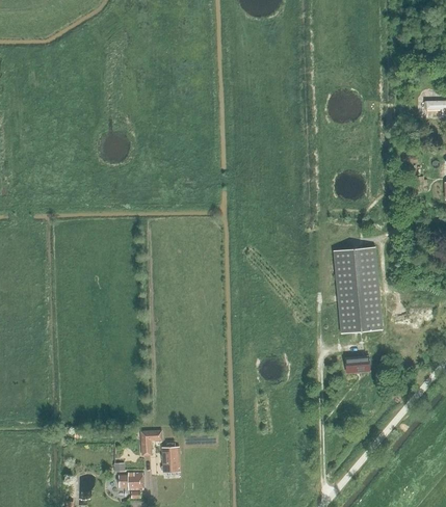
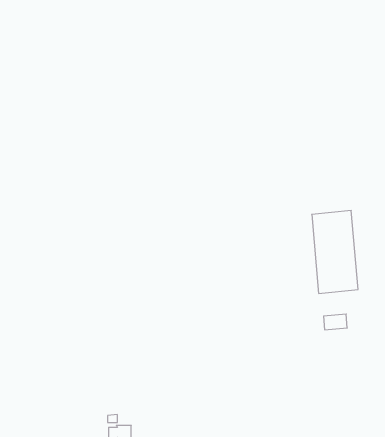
building: [140,428,162,455] -> none
building: [162,446,181,472] -> none

